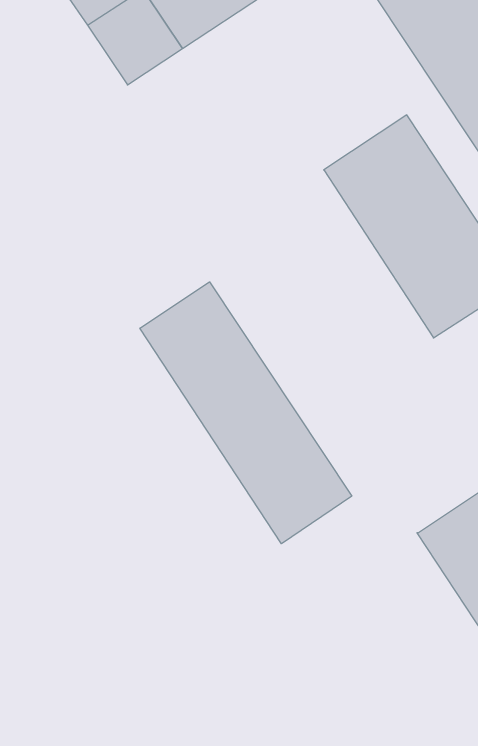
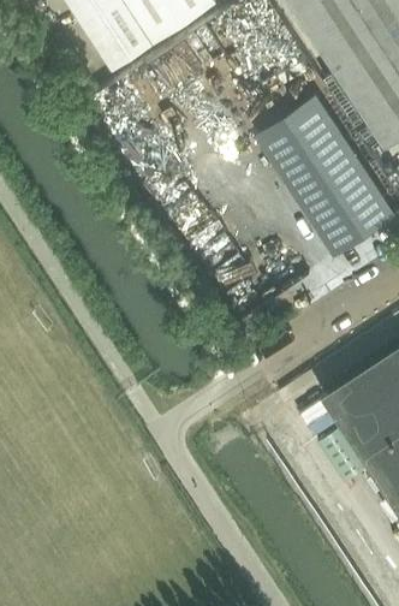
building: [140,282,352,544] -> none

